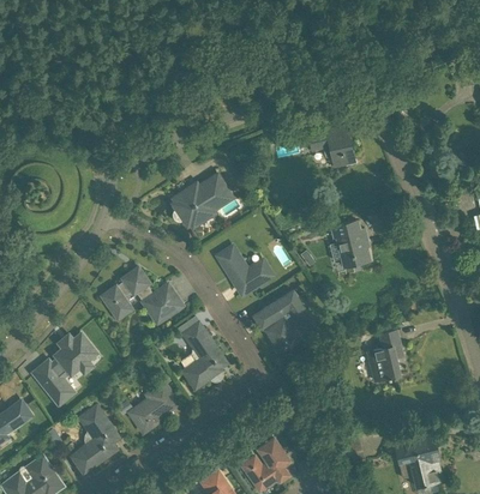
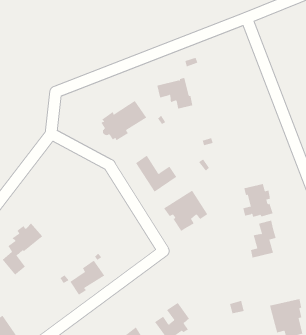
building: [307,125,355,167] -> [157,77,193,109]
building: [330,221,371,267] -> [243,183,274,219]
building: [102,267,182,323] -> none
building: [184,324,222,387] -> none
building: [72,406,116,471] -> none

